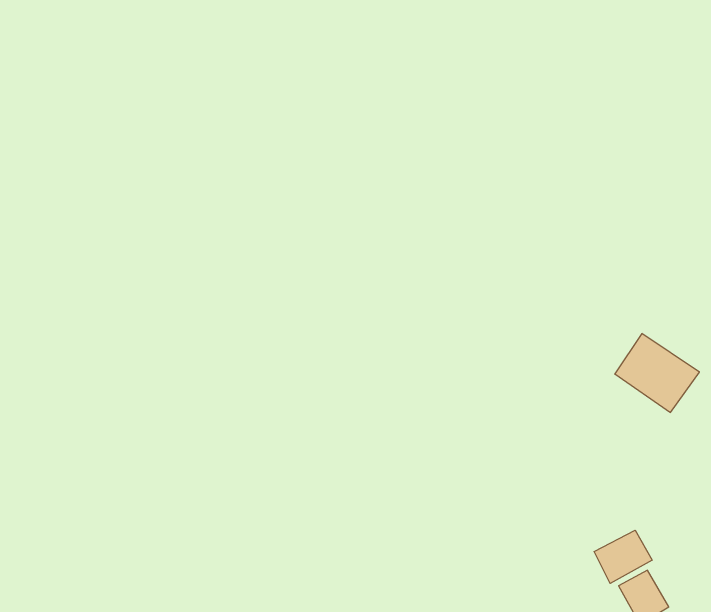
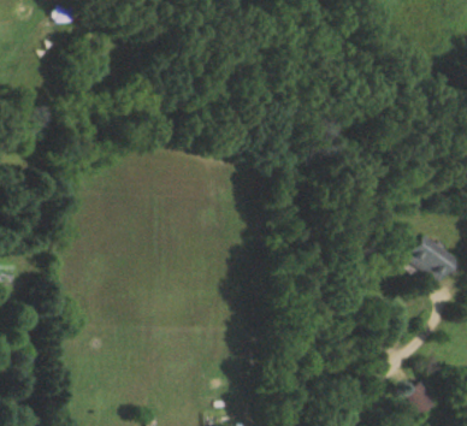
building: [594,530,652,583] -> none

